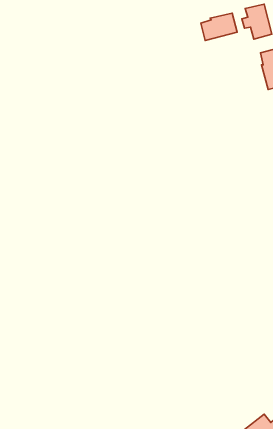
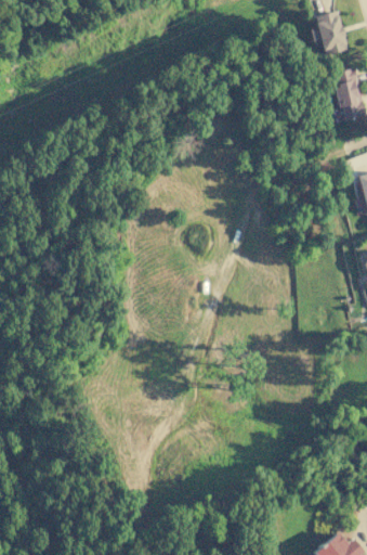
building: [201,13,237,41] -> none

